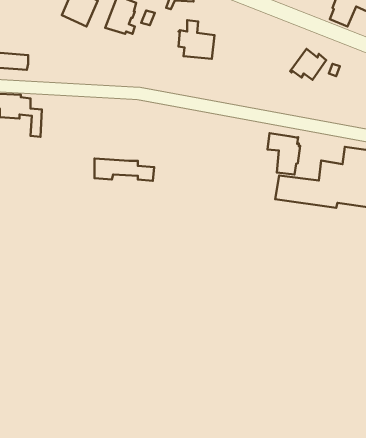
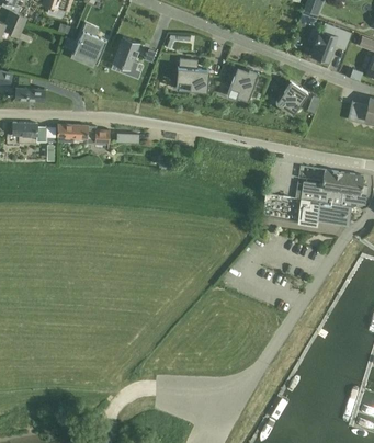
building: none -> [226,68,258,101]
building: [267,133,300,174] -> none
building: [94,158,154,181] -> [57,123,110,143]

